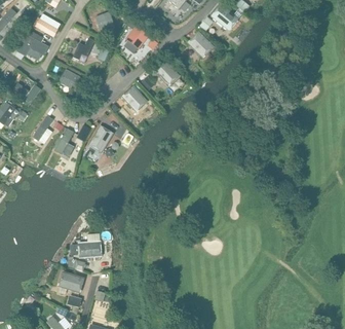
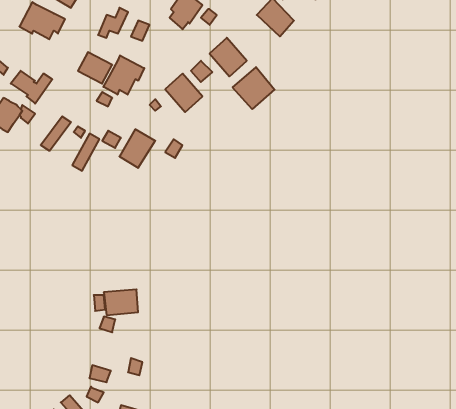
building: none -> [103,55,144,95]
building: none -> [233,67,275,109]
building: [57,269,84,293] -> none

